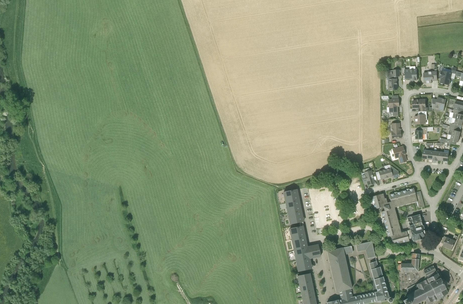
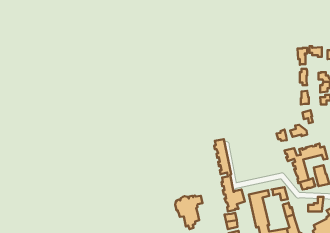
building: none -> [175,196,203,229]

